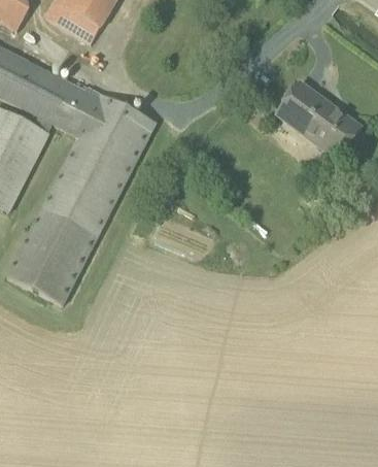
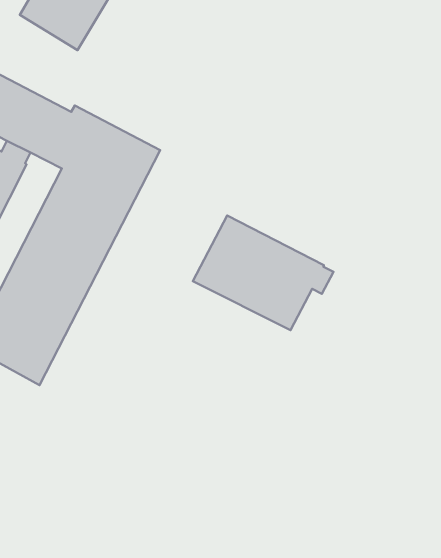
building: [278,82,362,159] -> none
building: none -> [193,215,333,330]

